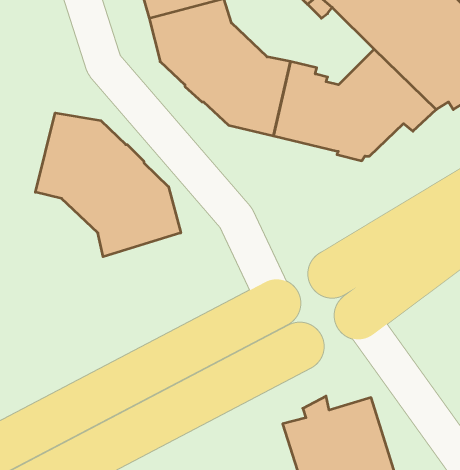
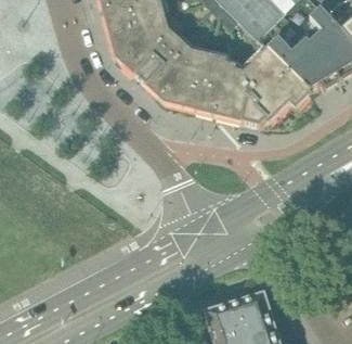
building: [35,113,181,257] -> none

